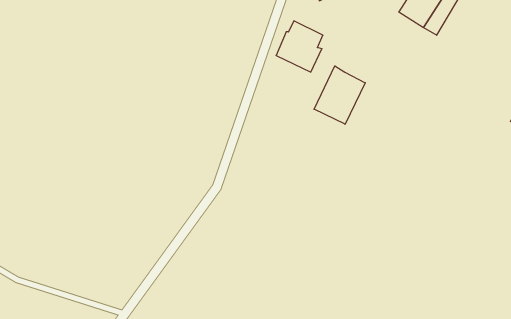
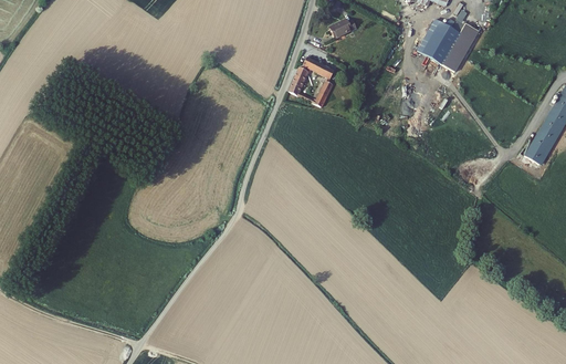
building: [314,66,365,124] -> none

